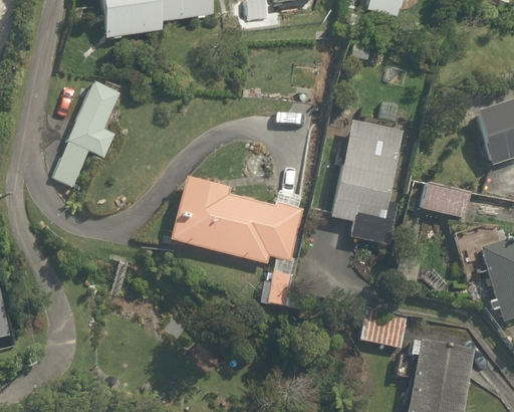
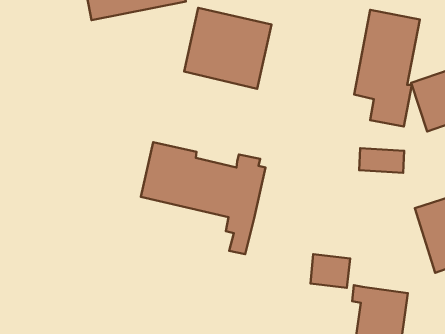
building: none -> [184,8,271,89]
building: [55,77,135,183] -> none
building: [329,117,404,249] -> [354,10,420,126]

